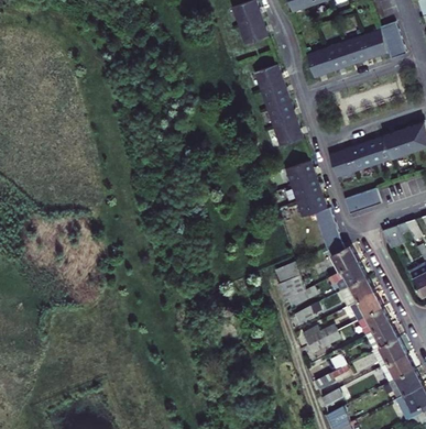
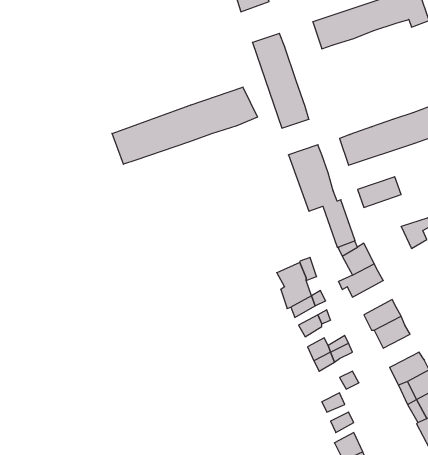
building: none -> [112,87,258,164]
building: [340,276,374,306] -> none
building: [367,322,397,350] -> none

